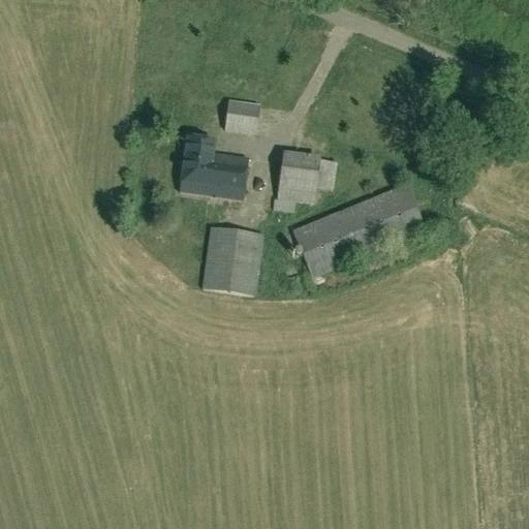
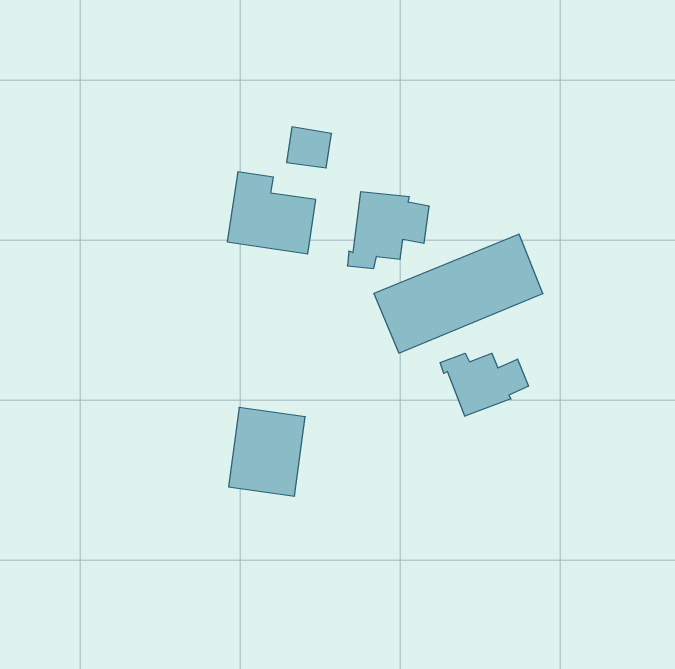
building: [203,225,262,294] -> [229,407,305,496]
building: none -> [440,353,528,416]

